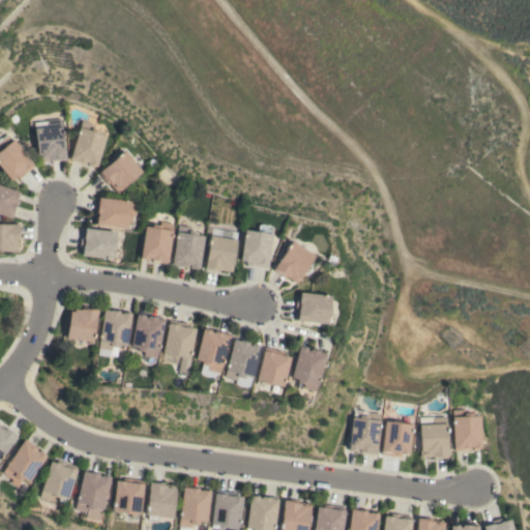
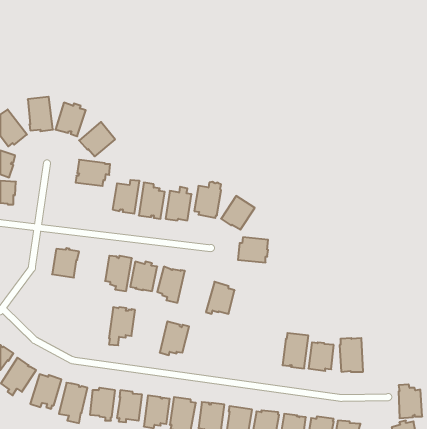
building: [82,229,118,260] -> none
building: [100,311,132,357] -> [109,307,135,345]
building: [226,340,262,381] -> [160,321,189,355]
building: [292,347,327,392] -> none
building: [454,410,483,451] -> [399,384,422,418]

